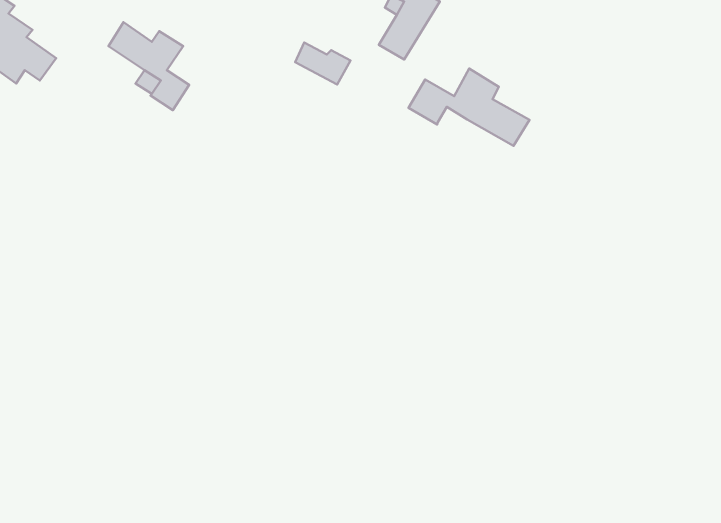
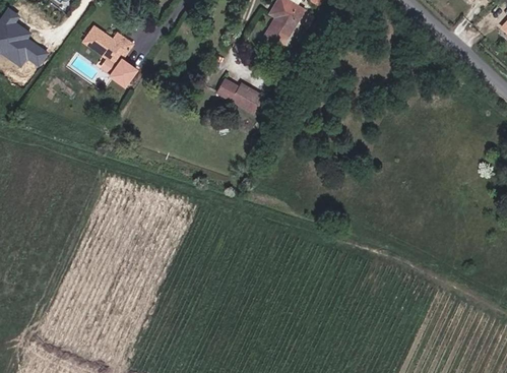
building: [295,43,351,84] -> [220,80,258,109]
building: [408,69,530,146] -> none

